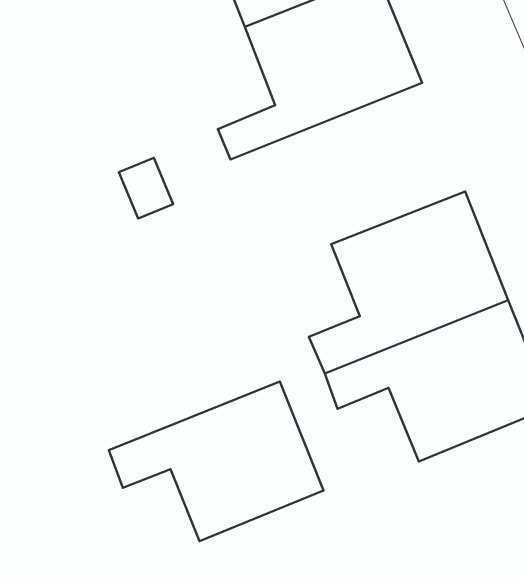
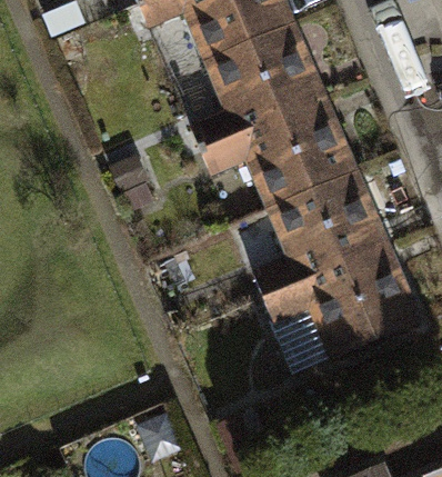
building: none -> [195,105,359,217]
building: [109,382,324,541] -> none

